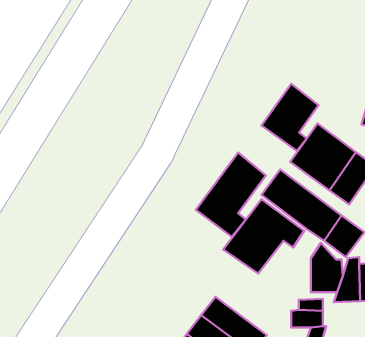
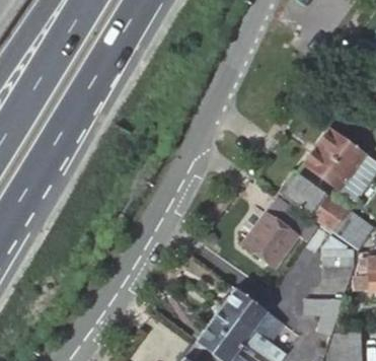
building: [262,84,318,151] -> none
building: [196,152,266,237] -> none

